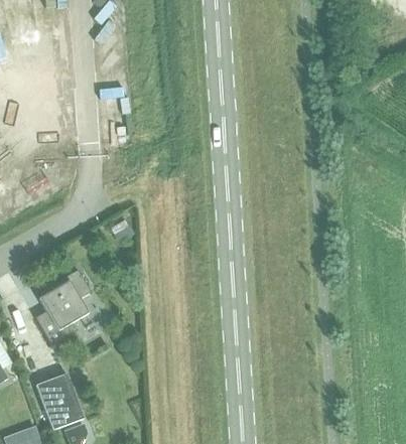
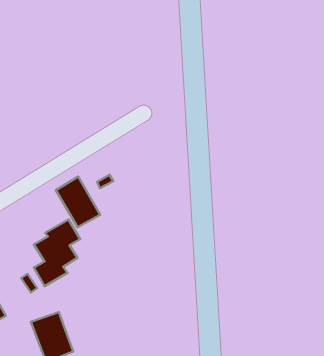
building: none -> [56,176,100,227]

